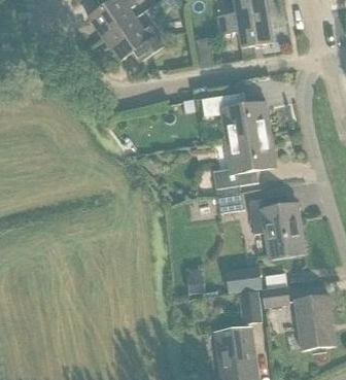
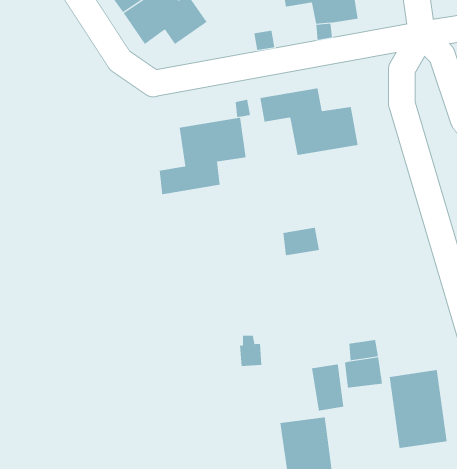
building: [213,133,276,188] -> [159,117,246,195]
building: [248,194,306,254] -> none
building: [224,268,260,292] -> none

